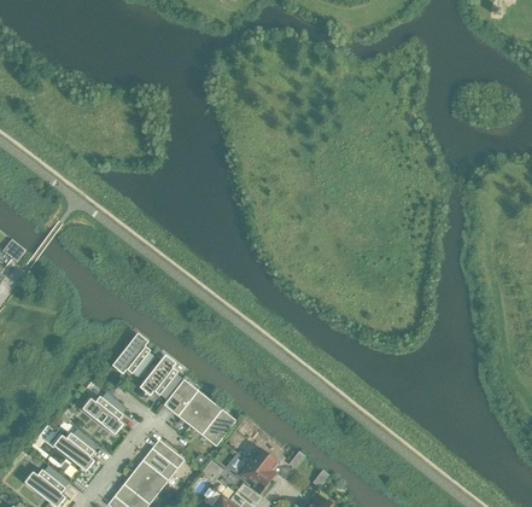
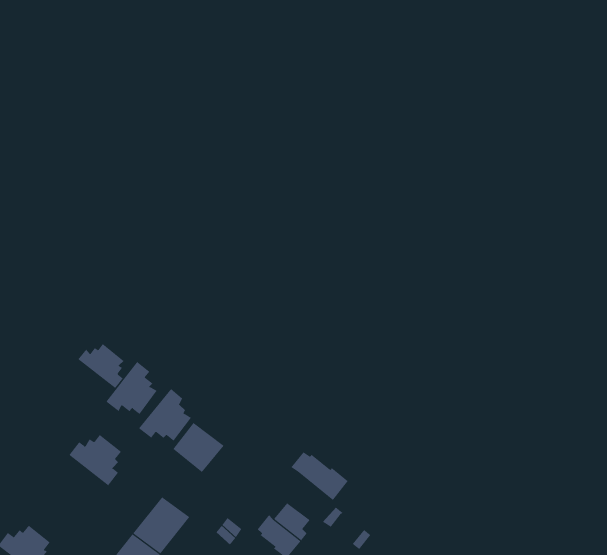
building: none -> [78,343,124,389]
building: [189,402,232,443] -> none
building: none -> [290,451,348,501]
building: [52,429,95,472] -> none

